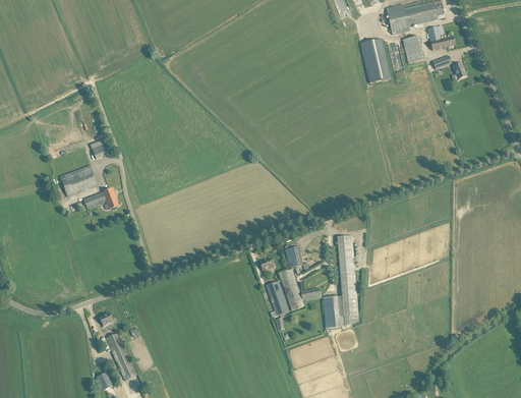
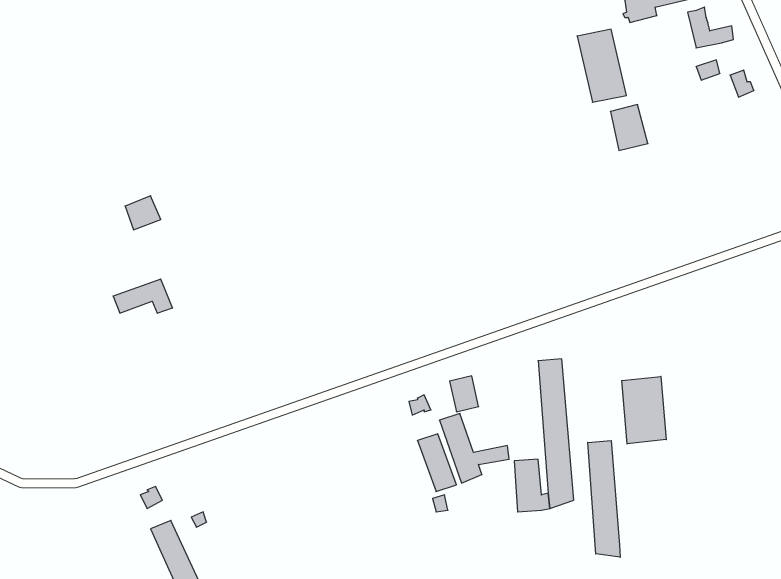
building: [402,35,424,62] -> [610,105,648,150]
building: [59,163,98,195] -> none
building: none -> [622,376,666,444]
building: none -> [588,441,620,557]

